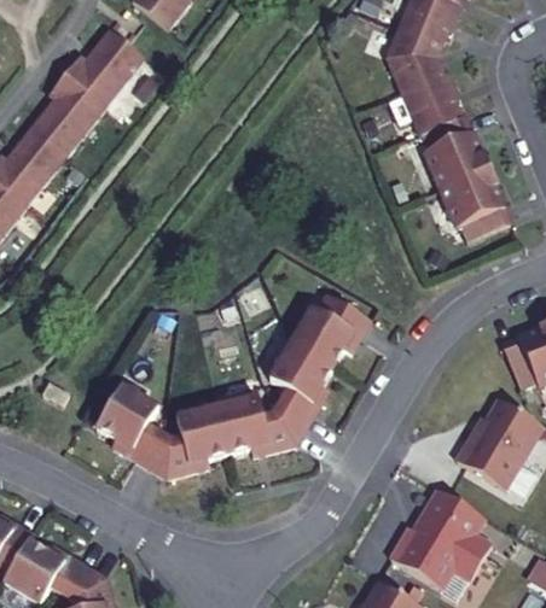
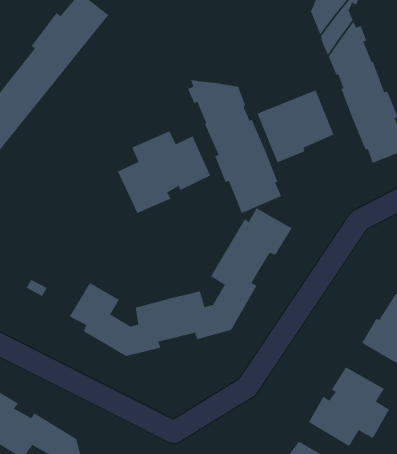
building: none -> [187,79,282,214]
building: none -> [257,89,334,163]
building: none -> [117,130,211,214]

